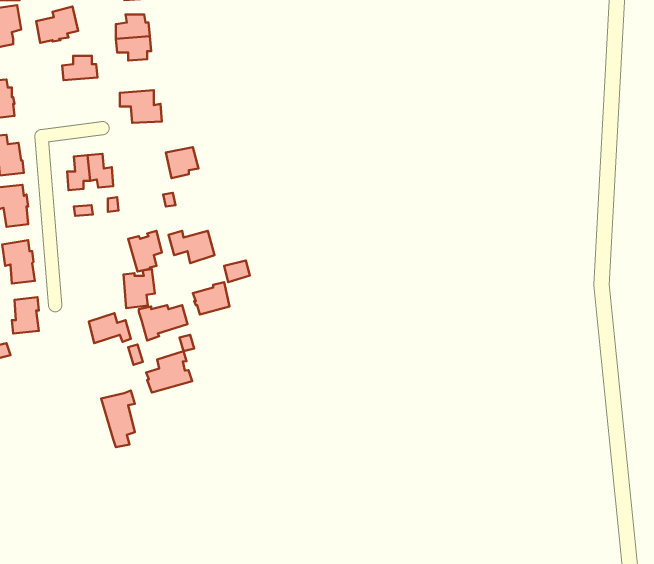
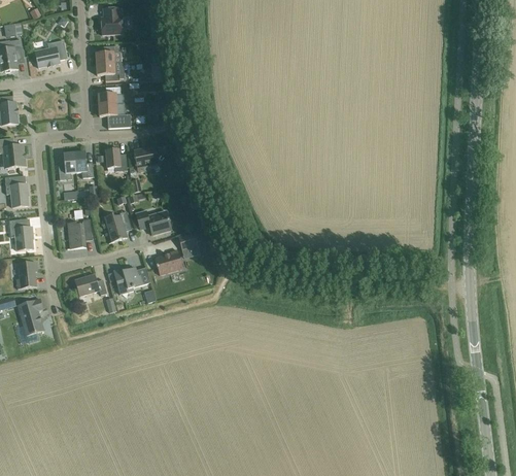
building: [62,56,97,80] -> [97,87,124,105]
building: none -> [104,148,127,171]
building: [124,269,155,308] -> [67,218,91,248]
building: [146,351,192,393] -> none
building: [101,390,135,447] -> [16,298,42,341]

